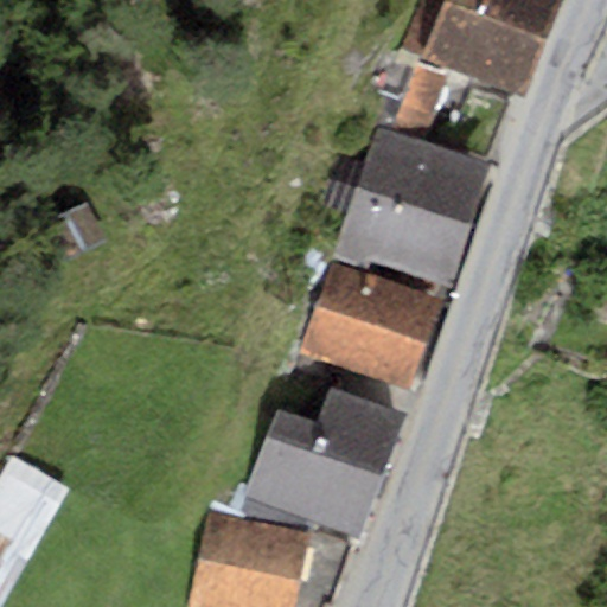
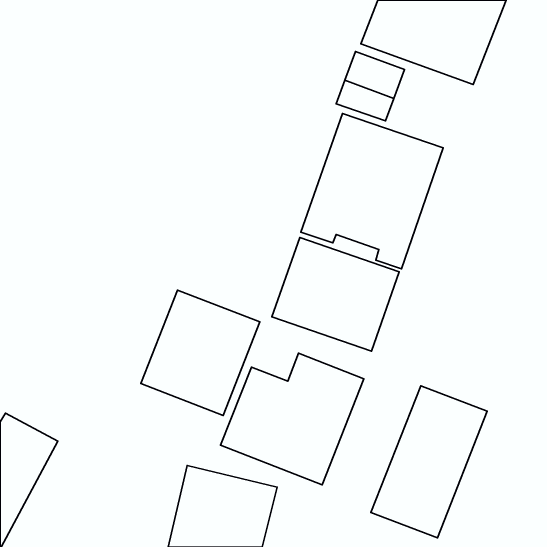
building: none -> [141,290,260,415]
building: none -> [371,386,487,538]

